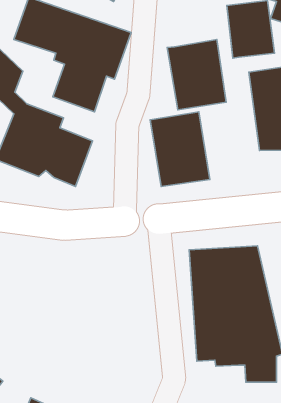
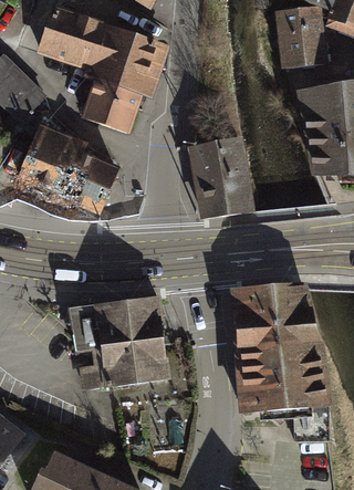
building: [167,40,226,110] -> none
building: none -> [60,292,164,383]

